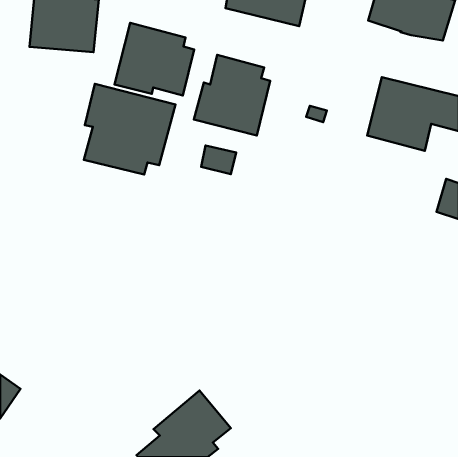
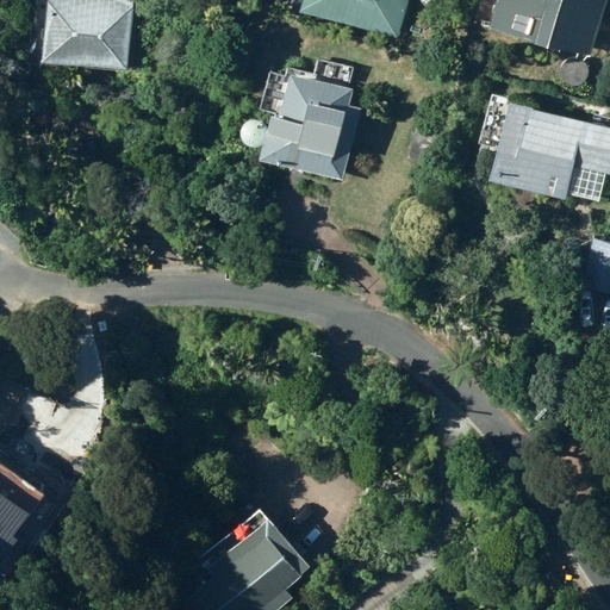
building: [114,23,194,96] -> none
building: [84,84,176,175] -> none

